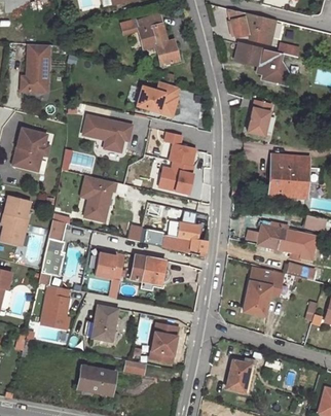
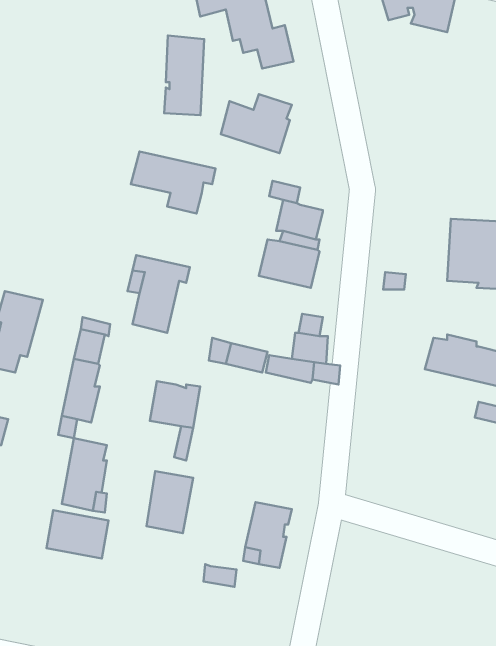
building: [26,43,49,91] -> [164,36,204,115]
building: [236,43,291,81] -> none
building: [248,100,271,136] -> none
building: [16,126,48,168] -> none
building: [131,254,171,283] -> none
building: [244,266,284,315] -> none
building: [227,360,252,391] -> none
building: [79,366,116,394] -> [46,510,109,559]

